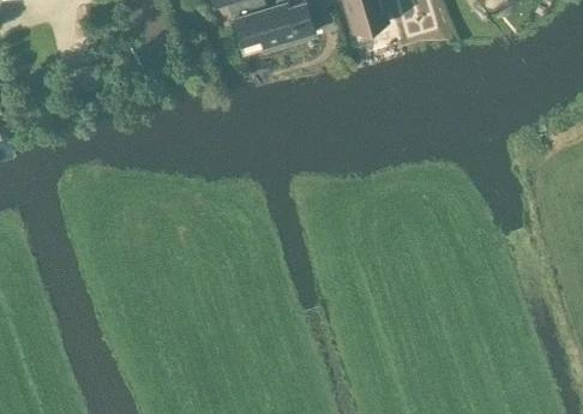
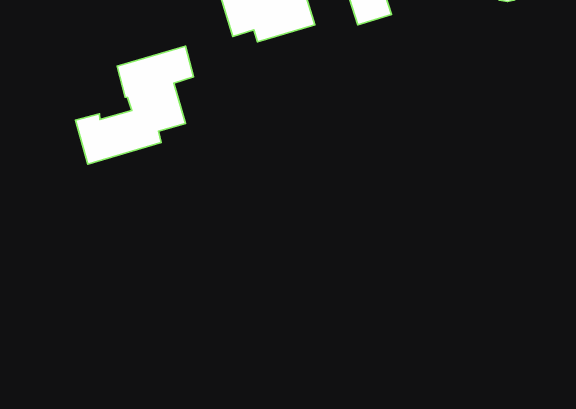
building: none -> [75,46,193,164]

